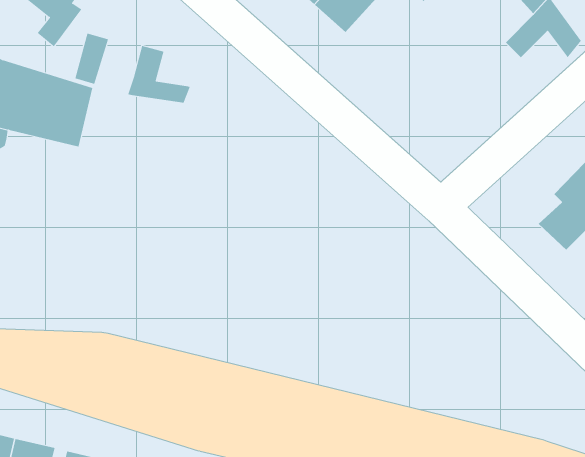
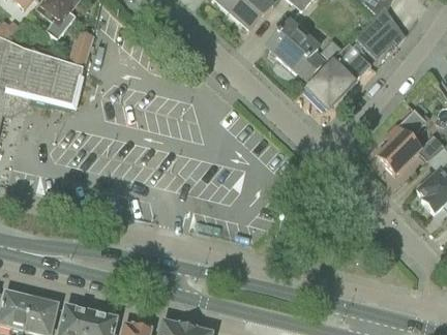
building: none -> [267,21,325,78]
building: [128,45,191,103] -> none
building: none -> [306,42,370,108]

